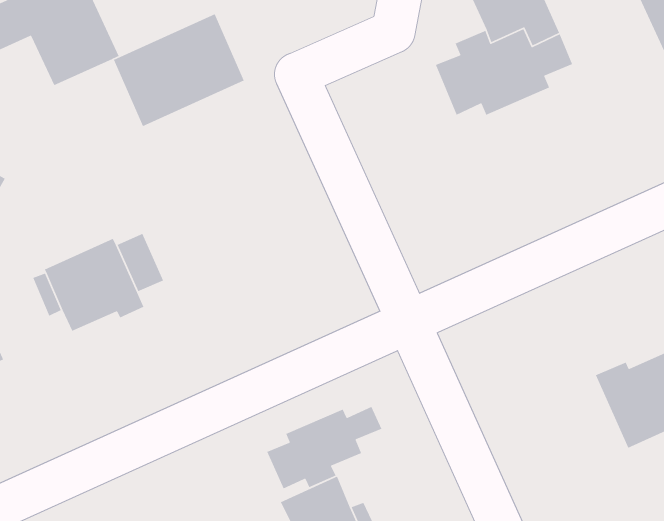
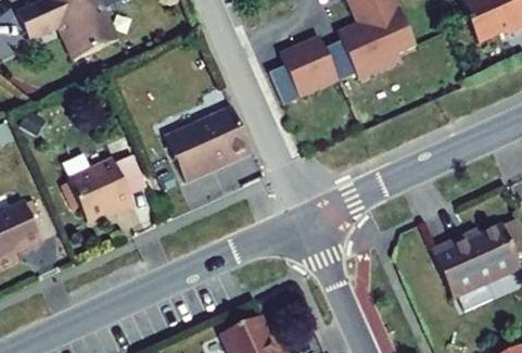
building: [113,13,245,127] -> [165,106,252,181]
building: none -> [268,38,339,103]
building: [266,406,382,490] -> none

